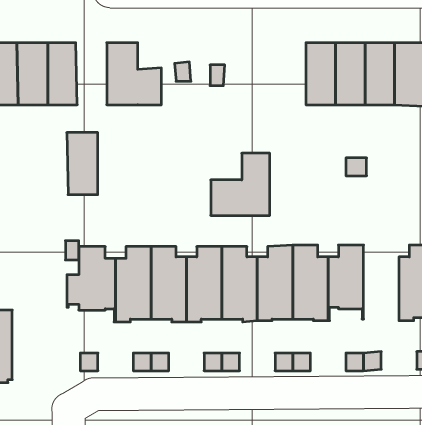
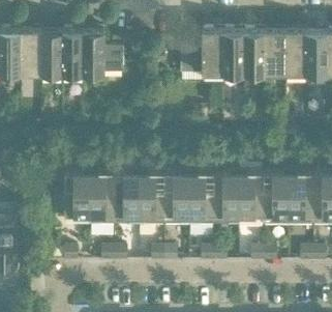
building: [67,133,98,195] -> [60,31,82,75]
building: [211,153,270,215] -> [180,31,221,75]
building: none -> [262,173,286,226]

